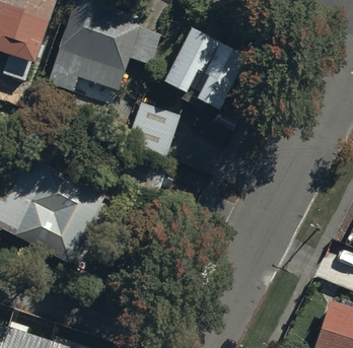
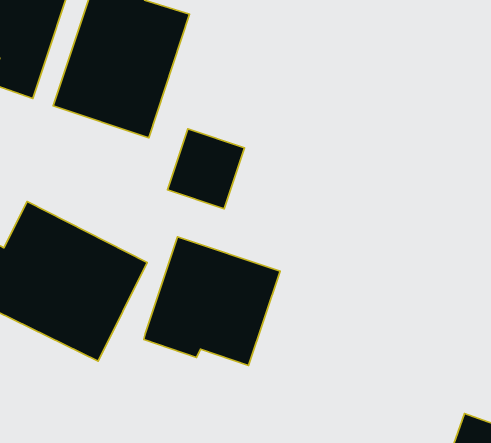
building: [163,27,249,111] -> none
building: none -> [144,237,280,366]

